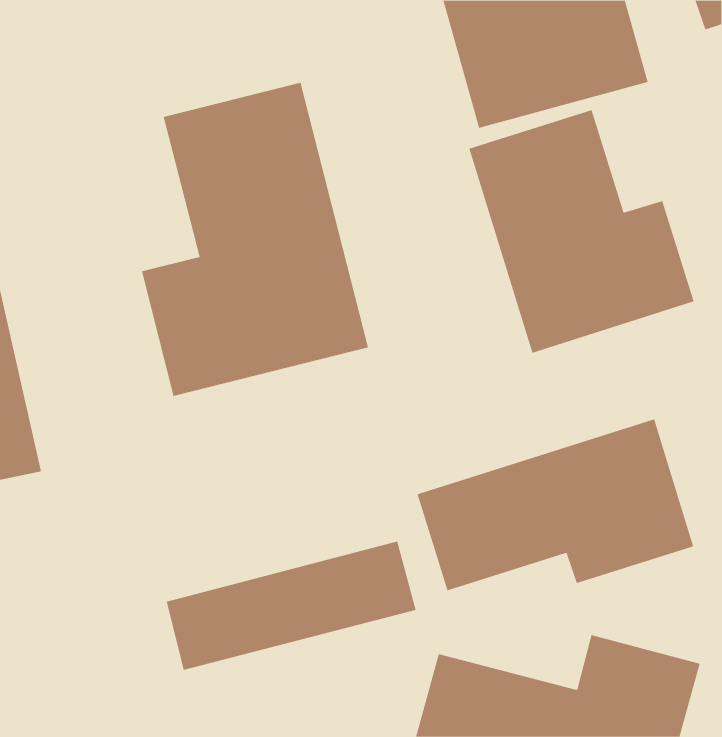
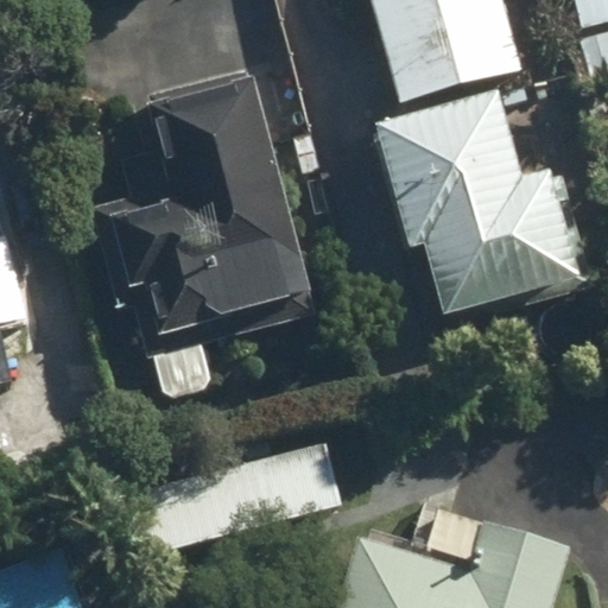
building: [417,419,694,591] -> none

